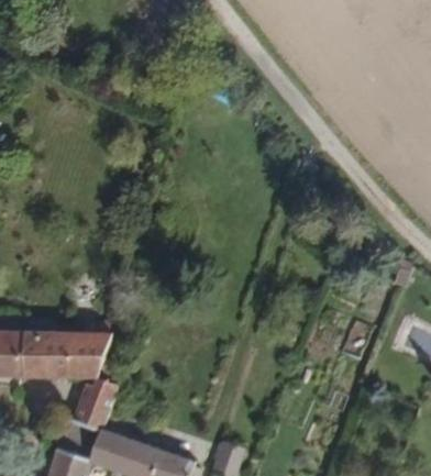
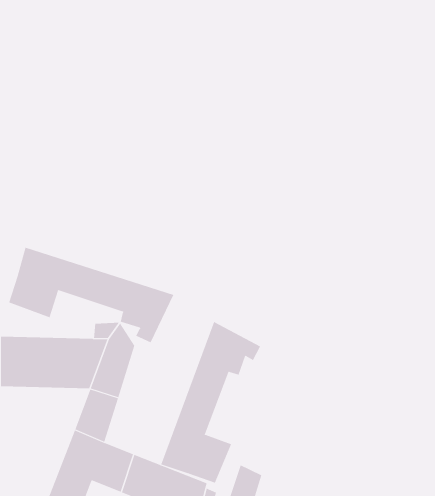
building: none -> [9,247,174,343]
building: none -> [161,321,261,484]

